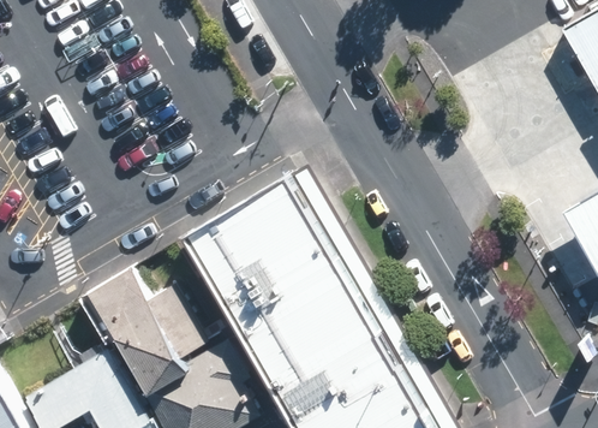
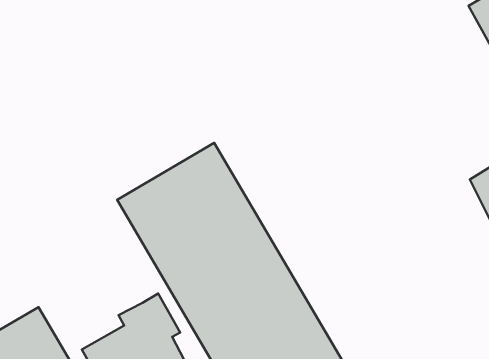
building: [85,278,211,398] -> none

